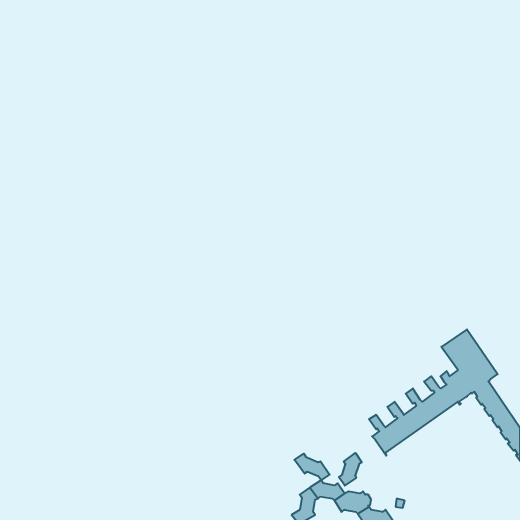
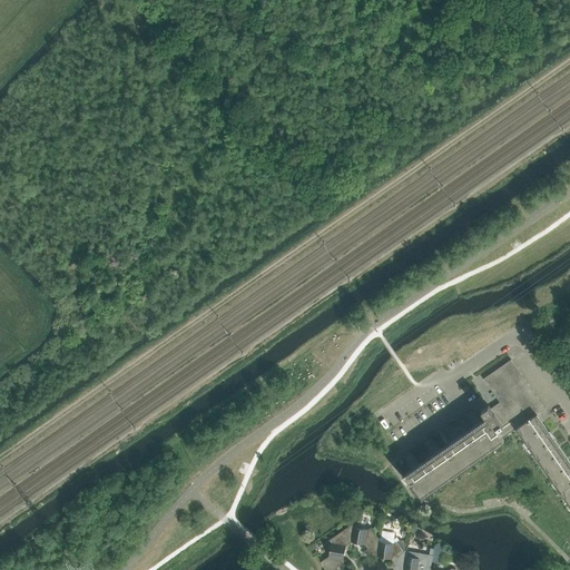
building: [339,453,362,486] -> none
building: [294,454,330,480] -> none

